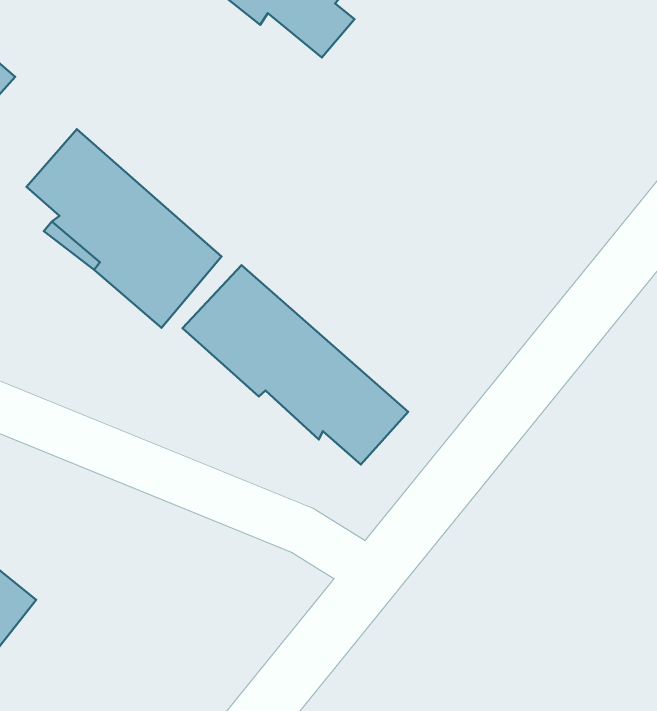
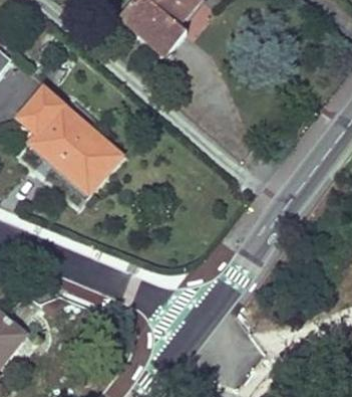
building: [183,265,408,465] -> none

